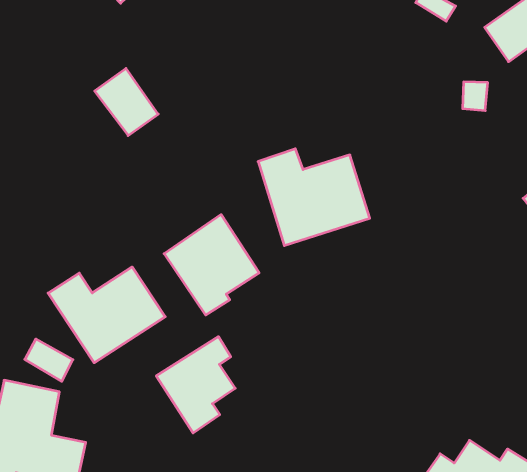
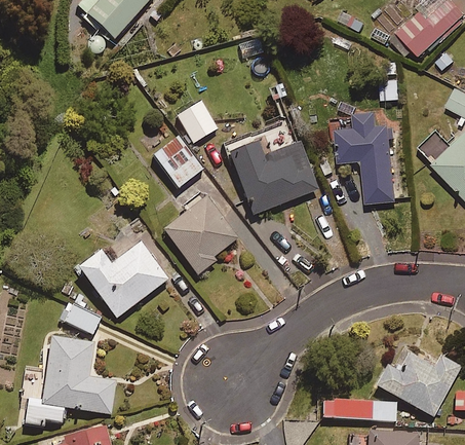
building: [95,68,158,136] -> [152,135,202,186]
building: none -> [178,101,218,142]
building: none -> [337,109,397,201]
building: [156,337,235,433] -> none

